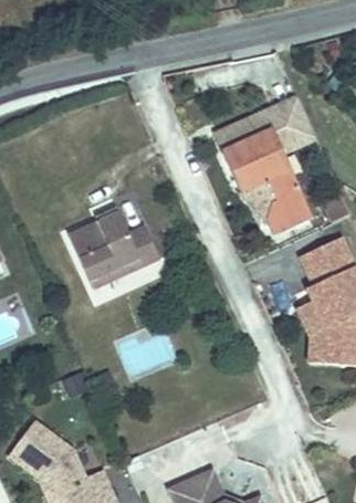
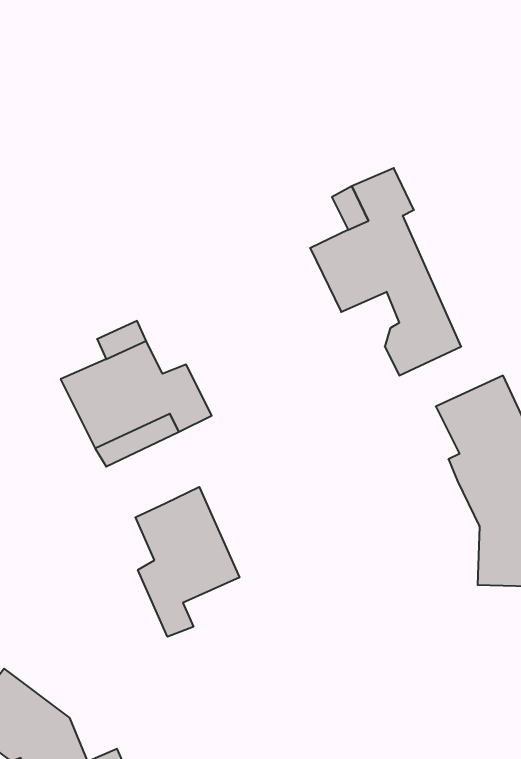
building: [293,301,323,364] -> none
building: none -> [135,487,239,637]

